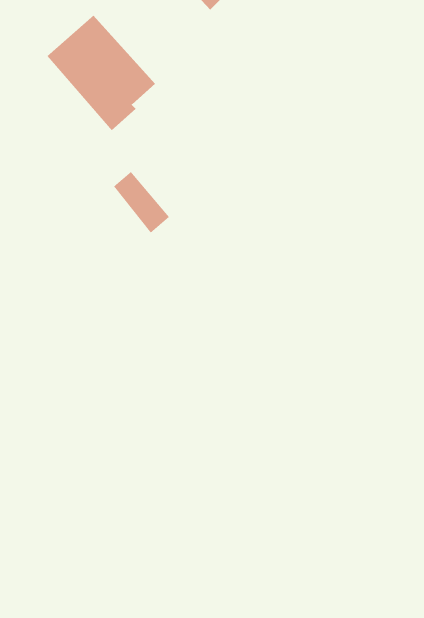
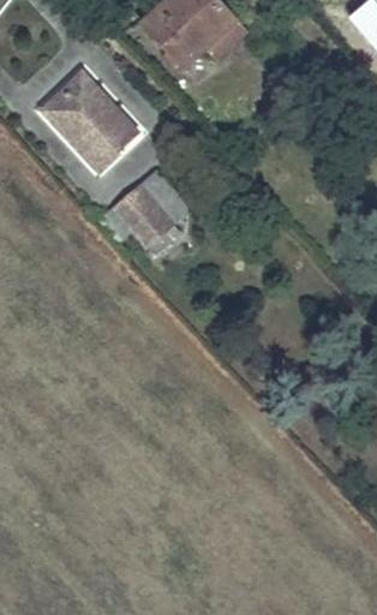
building: none -> [116,183,182,253]

